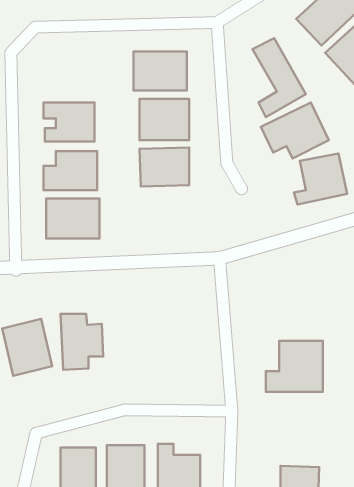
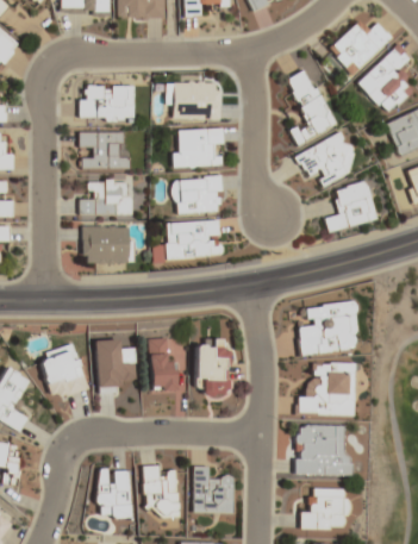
building: none -> [79,83,135,121]
building: none -> [164,219,222,258]
building: none -> [298,300,360,356]
building: none -> [151,338,180,389]
building: none -> [196,338,231,395]
building: none -> [295,425,353,475]

